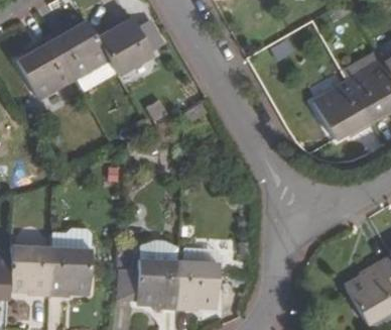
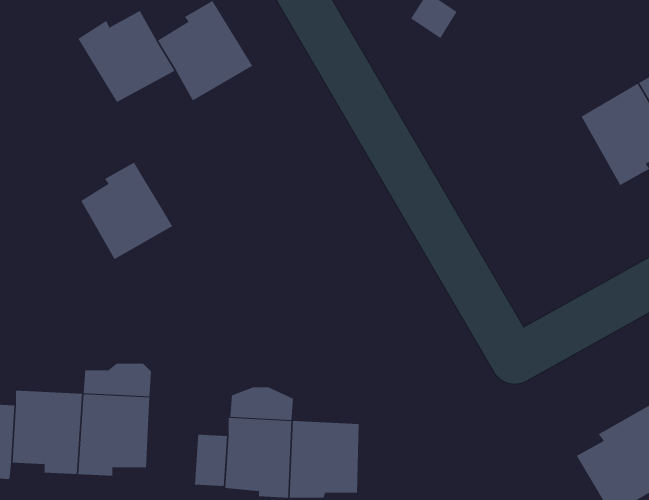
building: [16,36,72,95] -> [80,162,173,260]
building: [314,83,372,140] -> none

